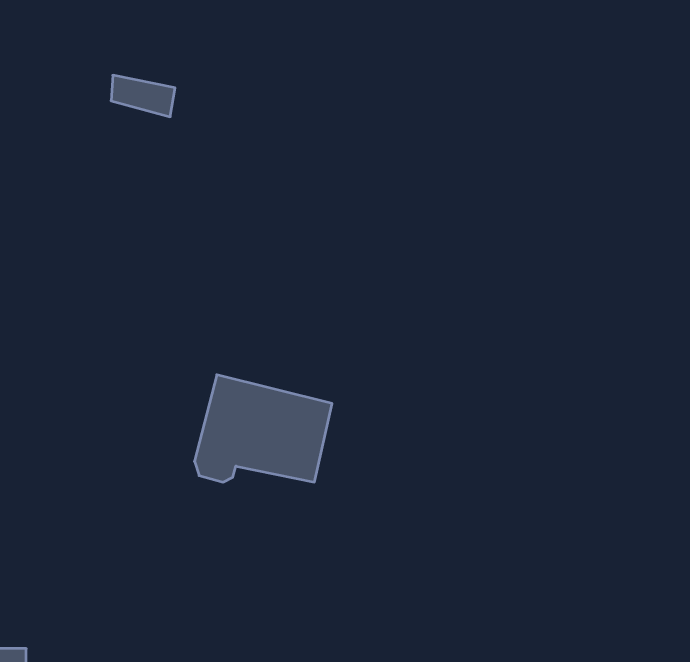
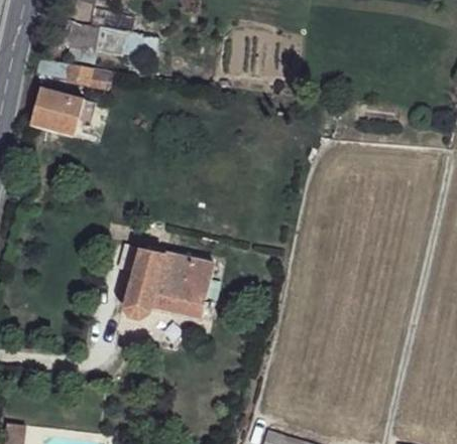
building: none -> [63,23,121,54]
building: none -> [37,88,82,133]

